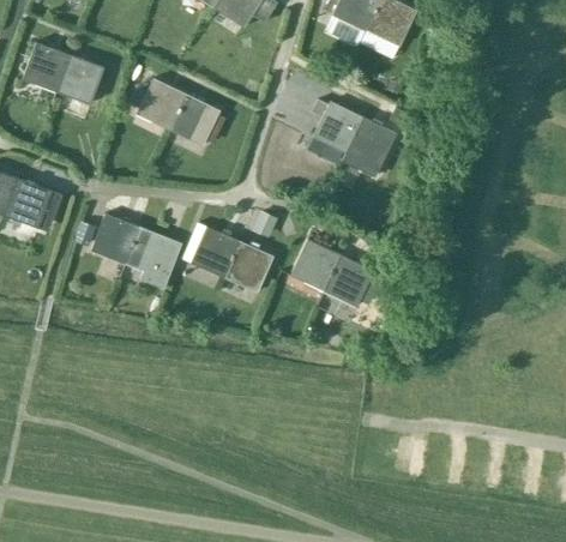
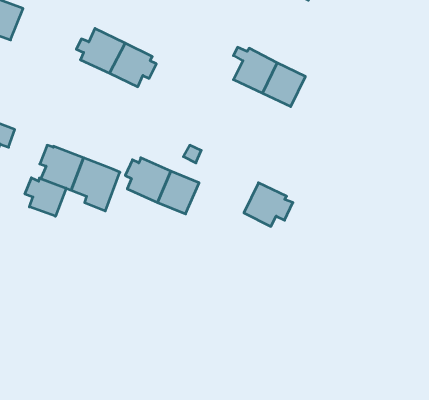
building: [56,55,104,104] -> none
building: [284,239,342,290] -> none
building: none -> [25,178,66,216]

